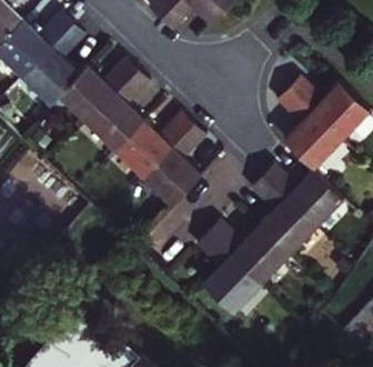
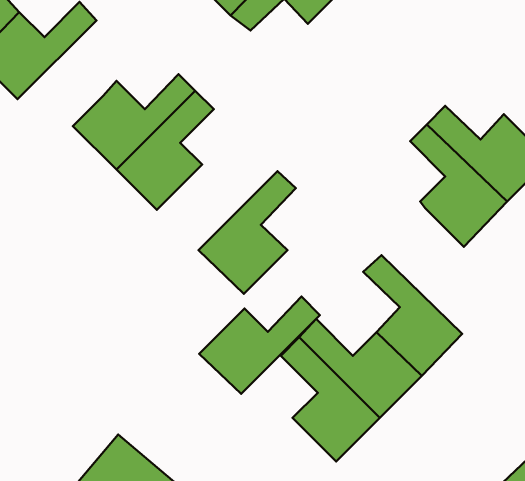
building: [19,23,83,102] -> none
building: [111,111,191,176] -> [199,297,320,394]
building: [260,166,343,231] -> none

